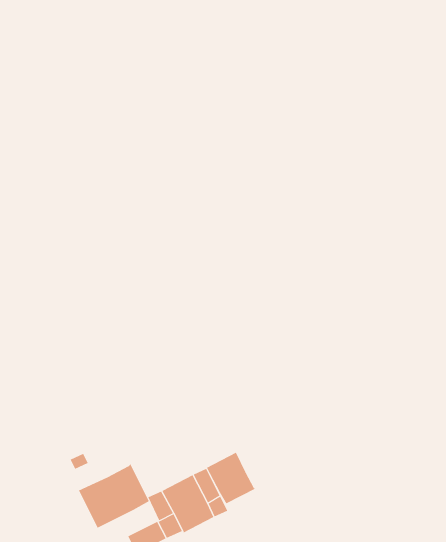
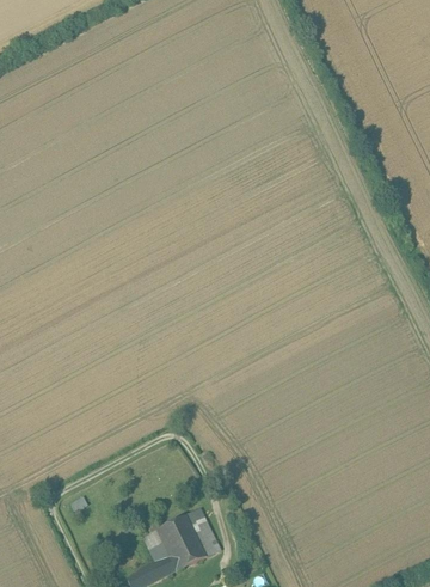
building: [206,452,256,504] -> none
building: [78,463,150,528] -> none

